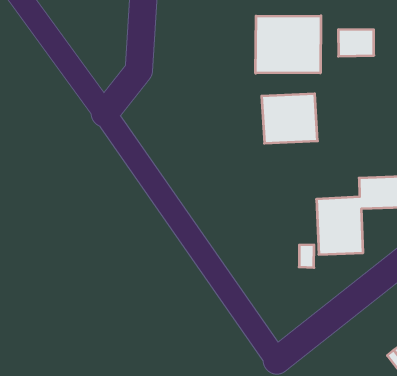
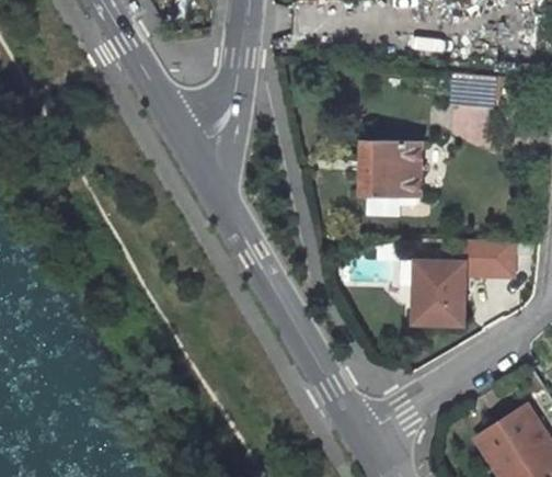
building: [256,16,321,73] -> none

